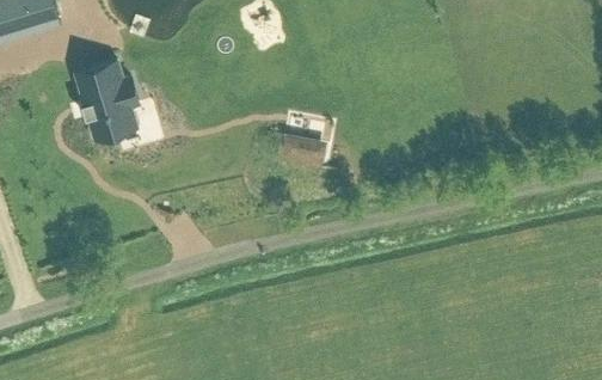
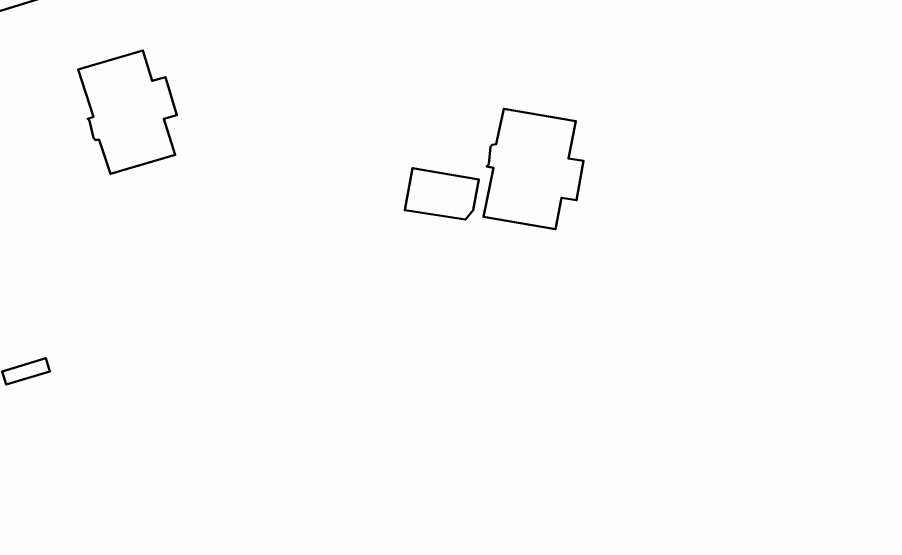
building: none -> [484,109,583,229]

